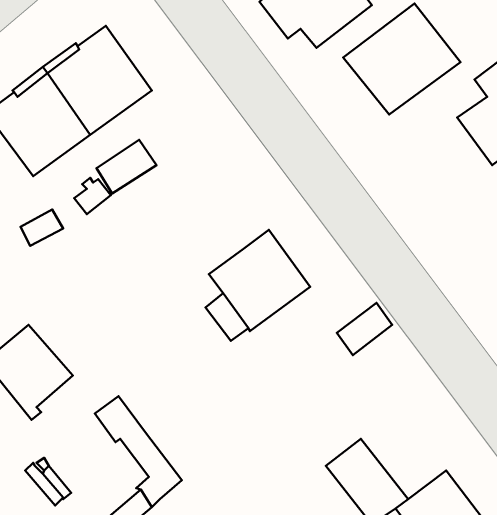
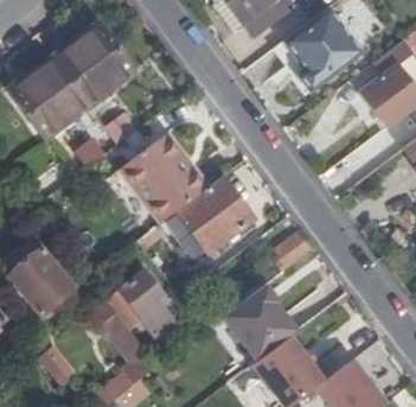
building: none -> [109,138,203,231]
building: none -> [107,271,175,341]
building: none -> [222,284,296,360]

